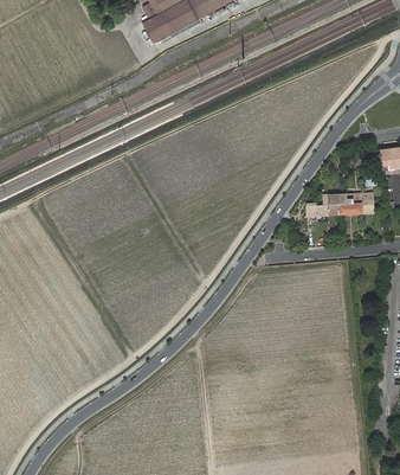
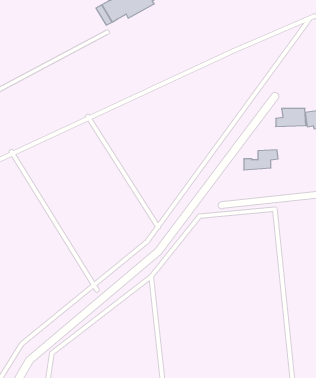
building: [338,193,374,214] -> [276,108,306,127]

